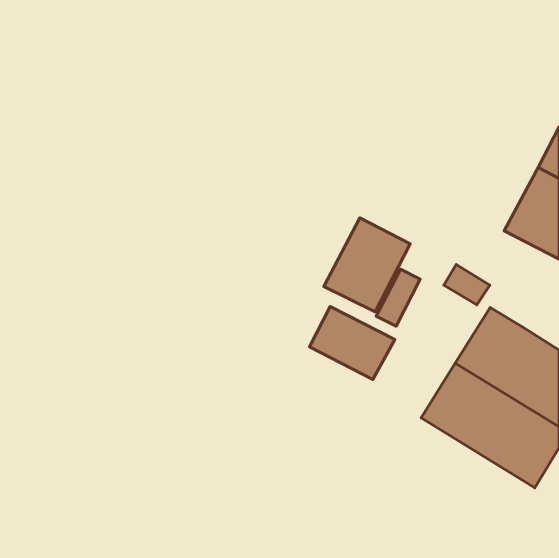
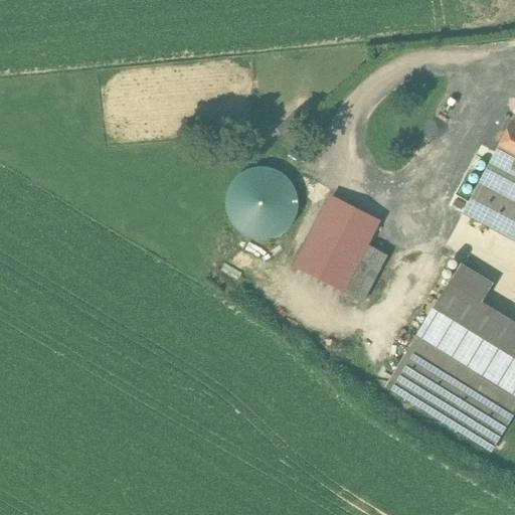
building: none -> [226,166,299,238]
building: [444,264,490,305] -> [451,264,493,301]
building: [309,306,395,380] -> none

